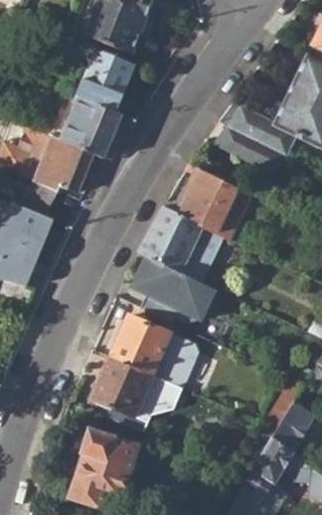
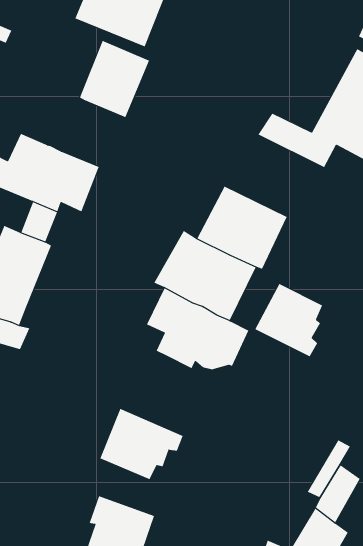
building: [50,92,122,155] -> none
building: [212,125,282,174] -> none
building: none -> [255,283,323,357]
building: [110,313,196,384] -> none

